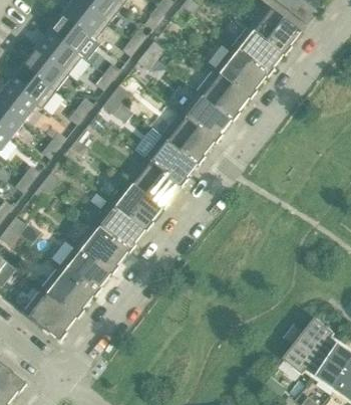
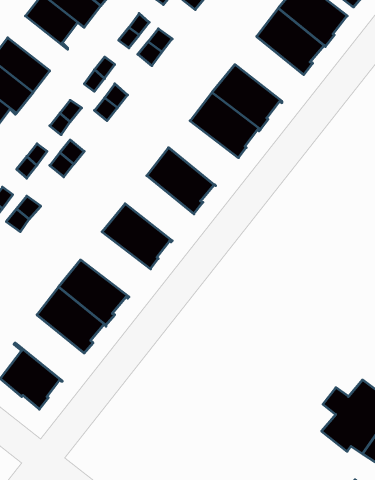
building: [34,31,81,74] -> none
building: [213,47,267,98] -> none
building: [160,114,216,165] -> none
building: [126,157,181,208] -> none
building: [91,201,146,252] -> none
building: [40,266,94,319] -> none

